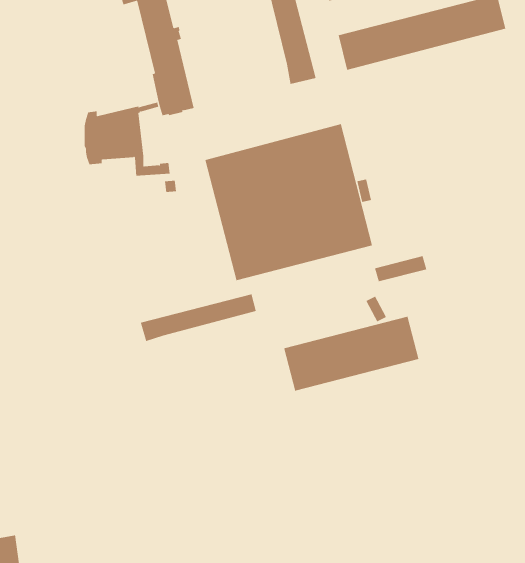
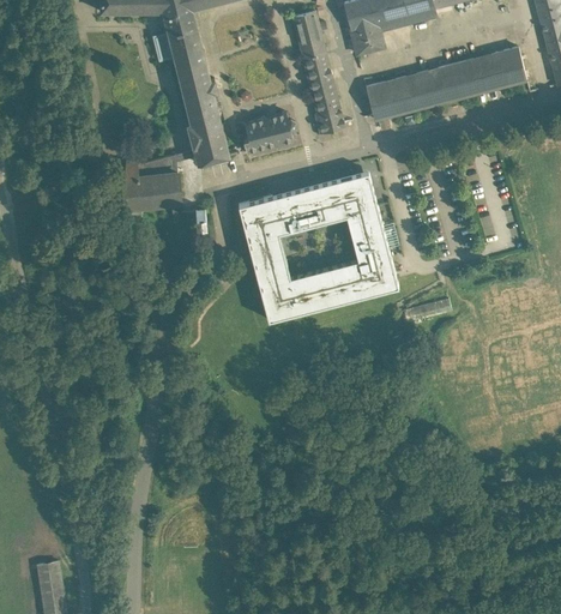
building: none -> [243,113,296,151]
building: [140,293,256,342] -> none
building: [284,316,419,391] -> none

